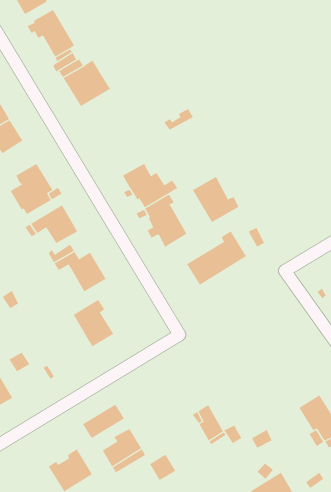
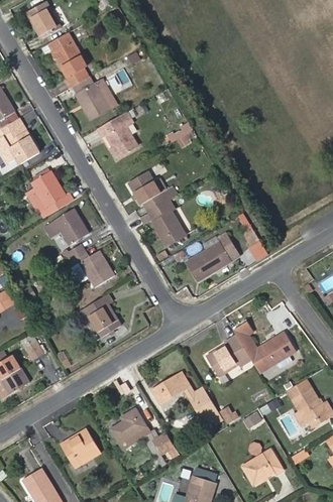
building: none -> [96,112,138,158]
building: [192,176,239,223] -> none
building: none -> [256,332,296,369]
building: none -> [206,334,252,376]
building: [82,404,125,439] -> [151,373,190,404]

